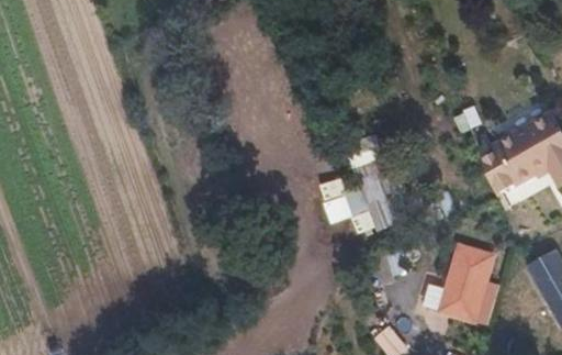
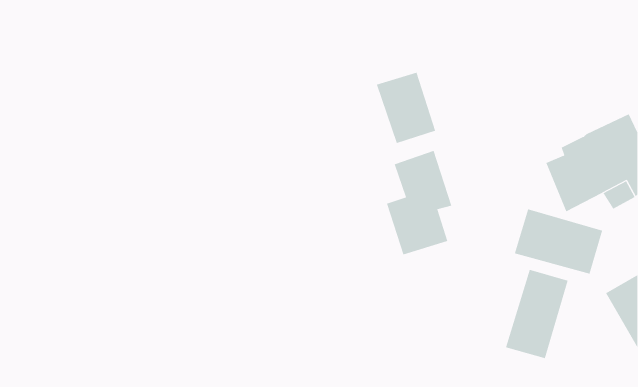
building: none -> [376,72,436,144]
building: none -> [514,208,603,275]

